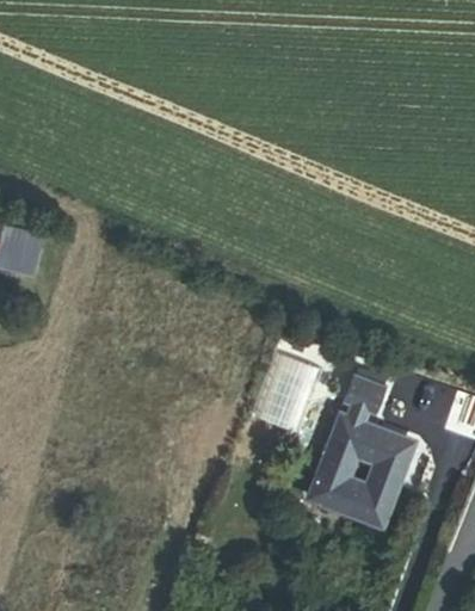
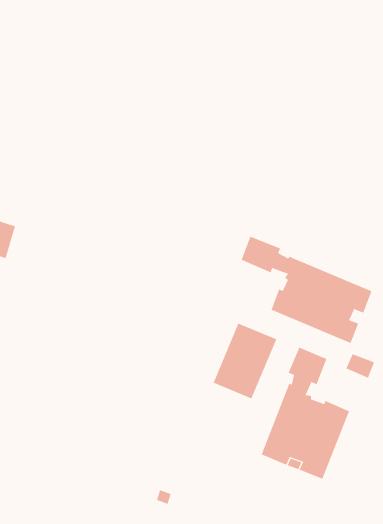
building: none -> [241,236,372,344]

